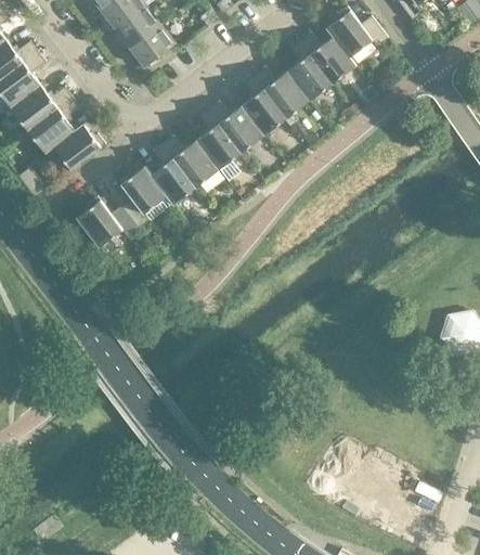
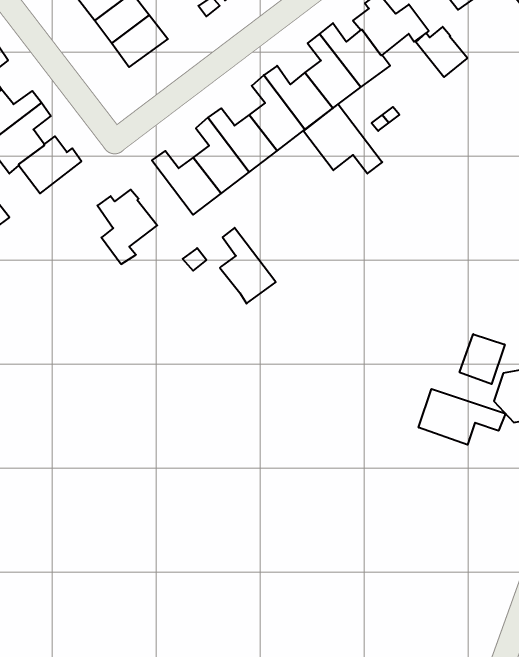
building: none -> [416,27,467,77]
building: none -> [304,104,382,174]
building: [148,143,194,205] -> [220,228,276,304]
building: [75,196,135,248] -> none
building: none -> [460,334,505,384]
building: none -> [419,389,506,445]

